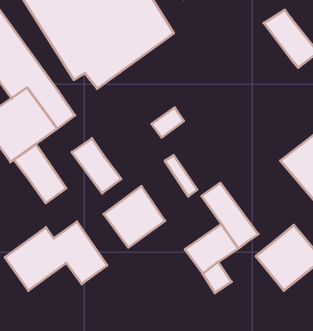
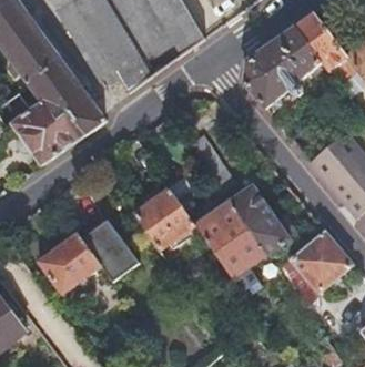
building: none -> [243,26,322,105]
building: [72,138,121,193] -> none
building: [14,144,66,203] -> none
building: none -> [195,198,252,252]

